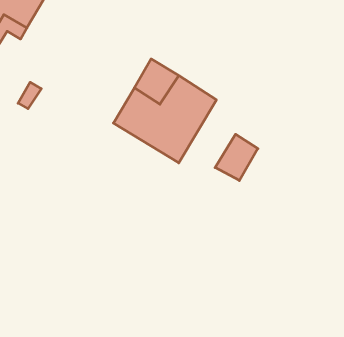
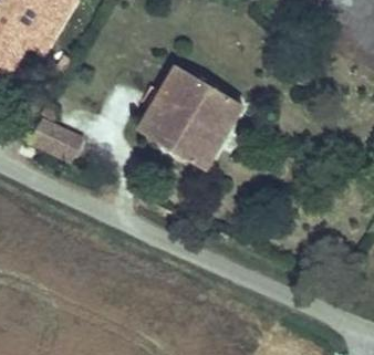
building: none -> [30,116,82,160]
building: [215,134,258,181] -> none

